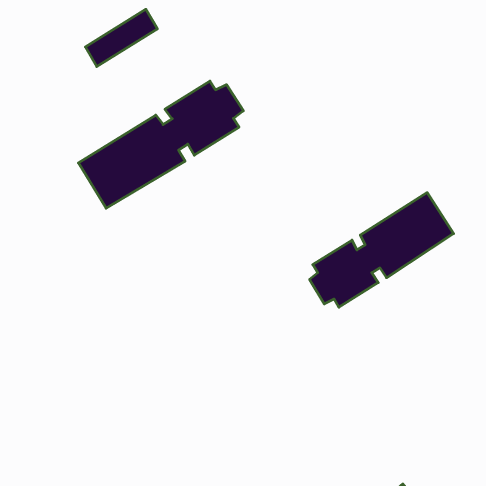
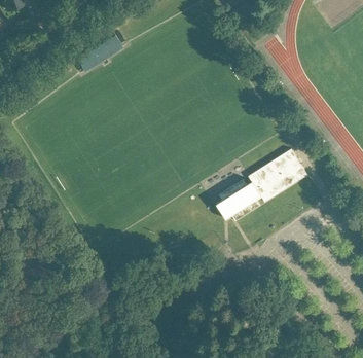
building: [78,81,243,208] -> none

